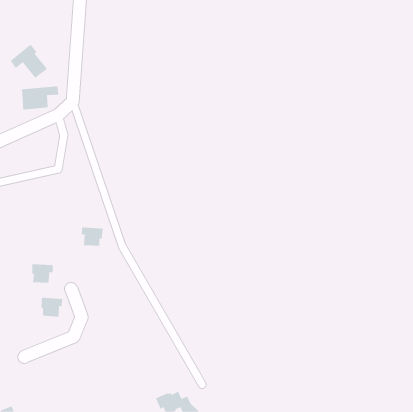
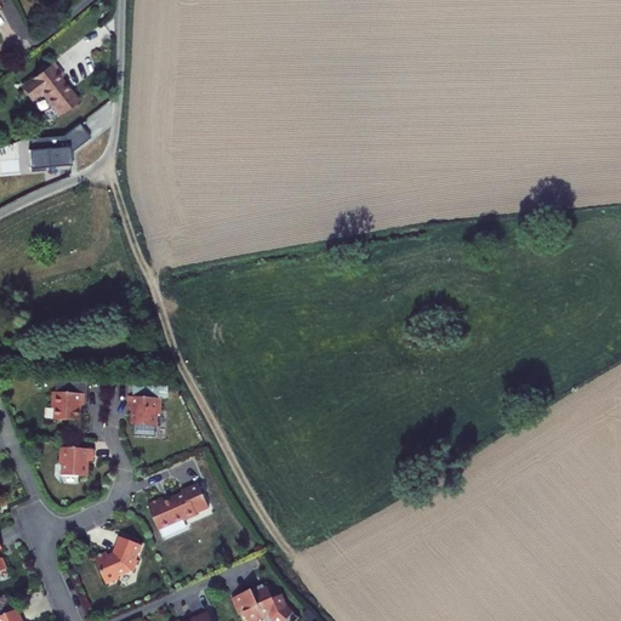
building: [81,227,103,246] -> [123,399,156,428]
building: none -> [148,483,210,528]
building: none -> [96,535,142,582]

